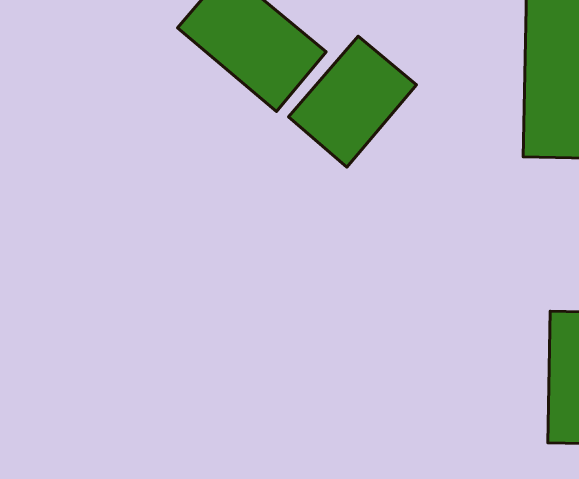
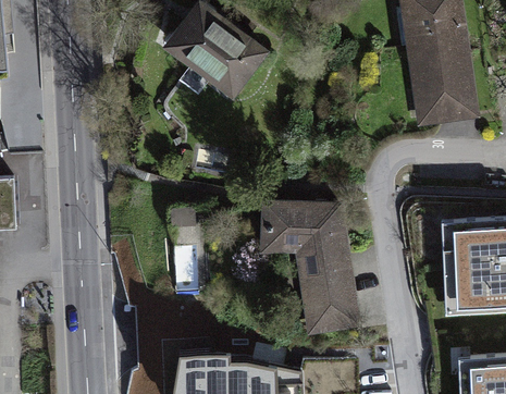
building: [288,36,416,167] -> none
building: none -> [264,199,357,328]

